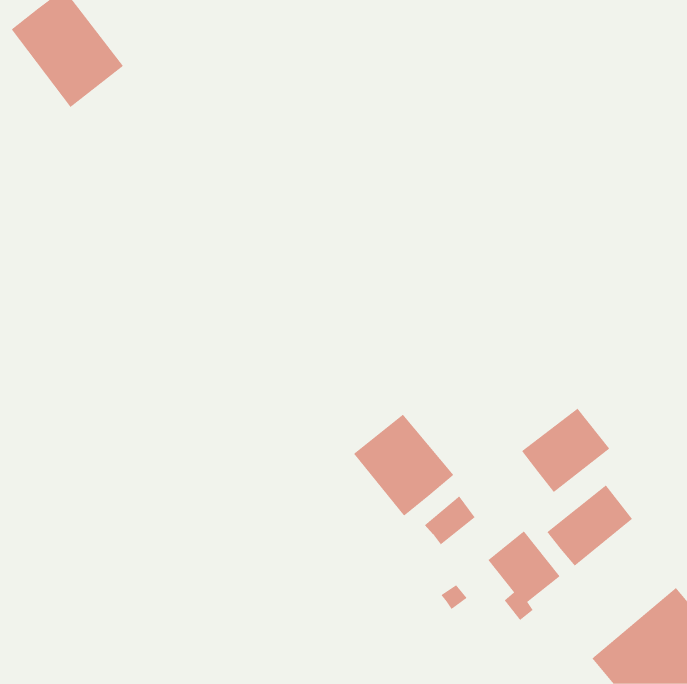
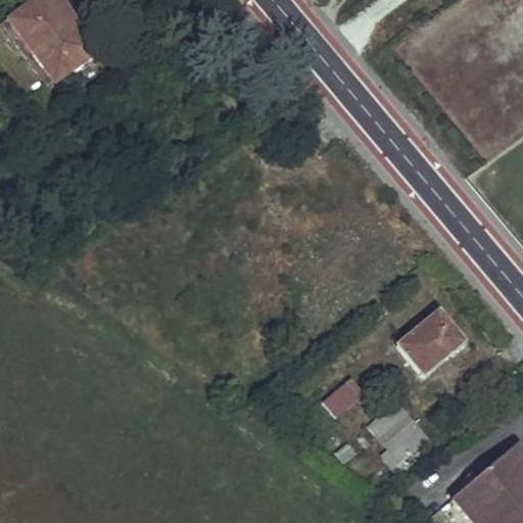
building: [353,414,454,516] -> none
building: [547,485,633,567] -> none

